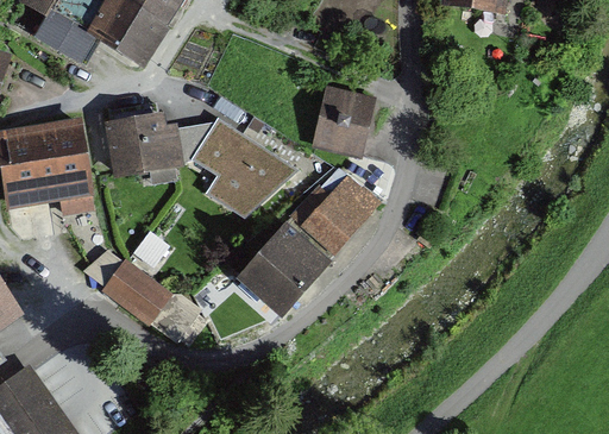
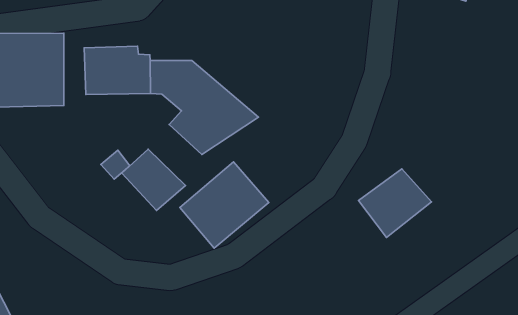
building: [313,84,376,159] -> none
building: [300,181,377,256] -> [358,169,432,238]
building: [102,259,171,322] -> [122,149,185,210]

